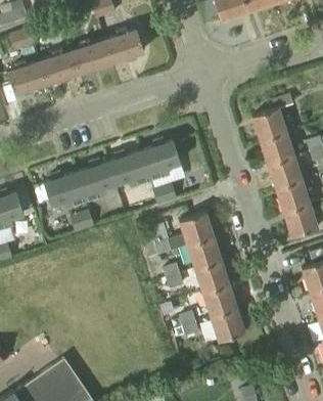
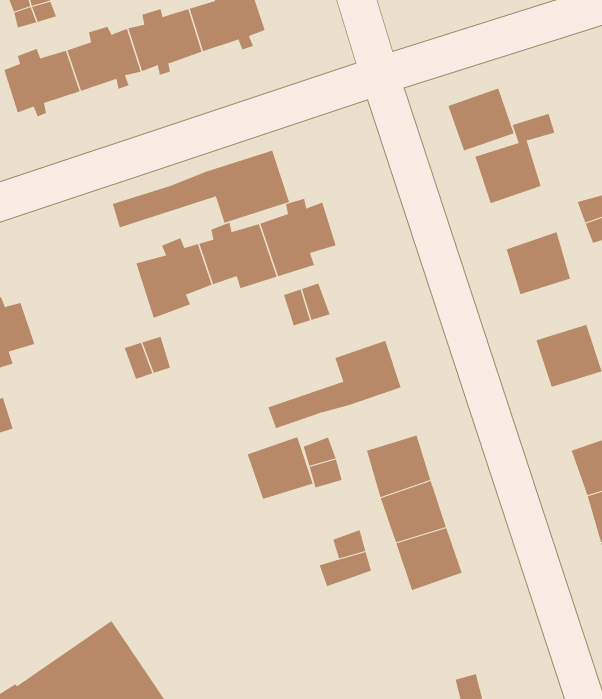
building: none -> [112,150,290,228]
building: [260,133,294,166] -> [448,88,515,151]
building: [44,173,85,208] -> none
building: [275,181,310,213] -> none
building: [187,237,222,270] -> [247,436,314,500]

